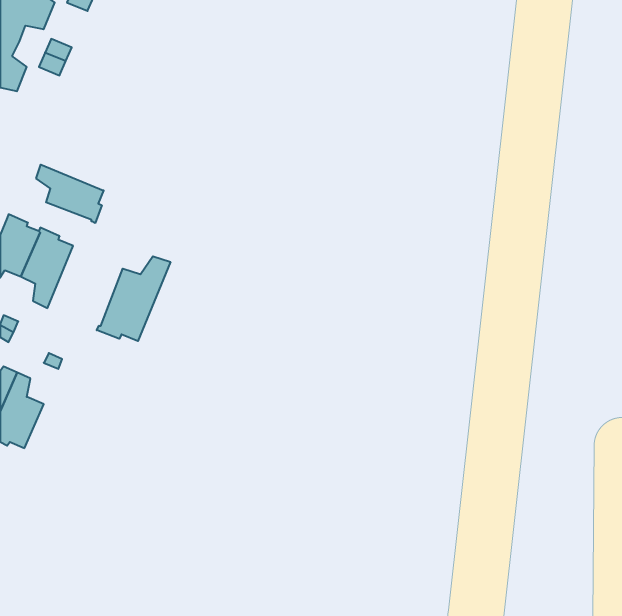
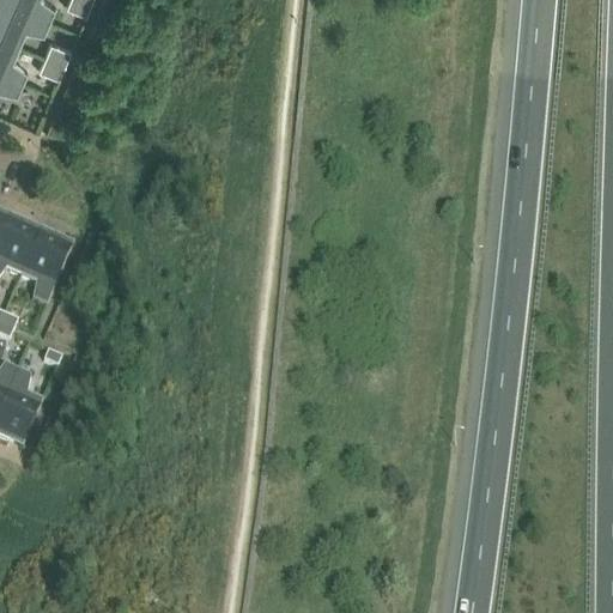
building: [36,165,104,223] -> none
building: [97,256,170,341] -> none

